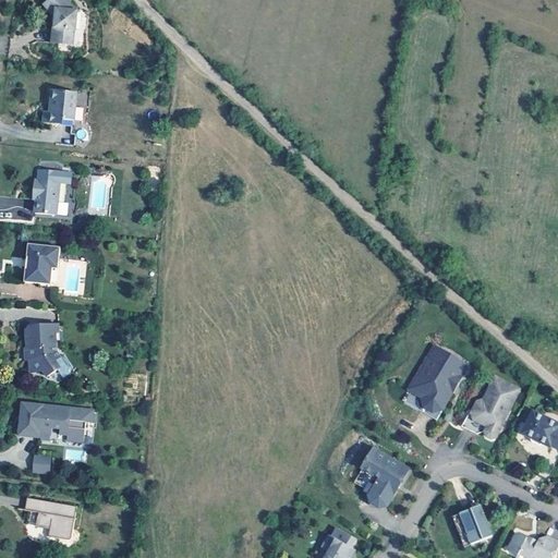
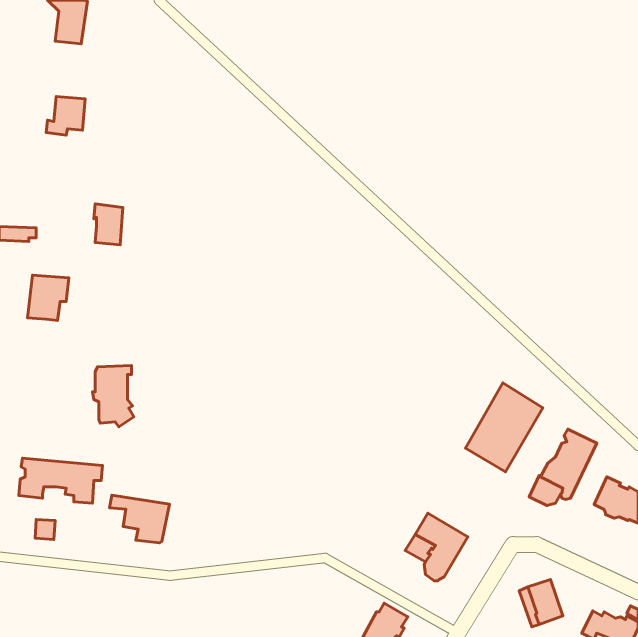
building: [33,177,58,213] -> [94,204,123,245]
building: [24,322,60,375] -> [93,366,134,427]
building: [22,497,74,538] -> [109,495,169,543]

